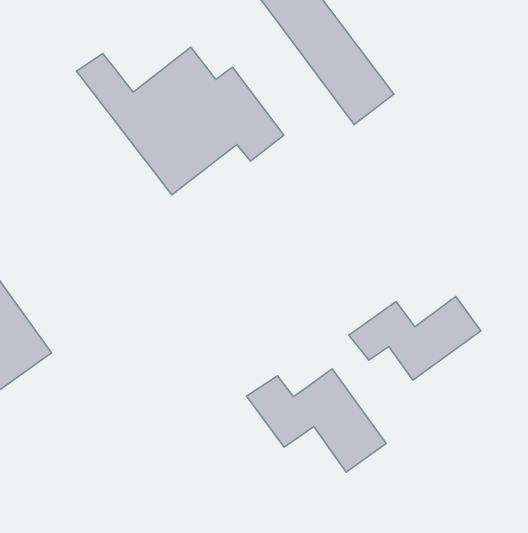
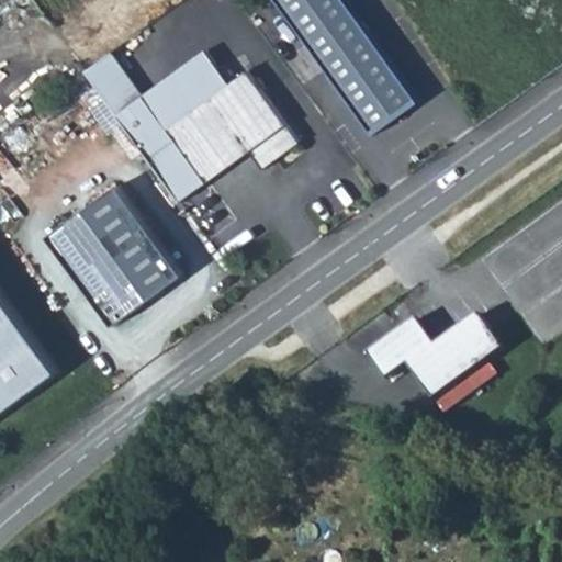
building: none -> [46,181,183,323]
building: [247,369,386,472] -> none

